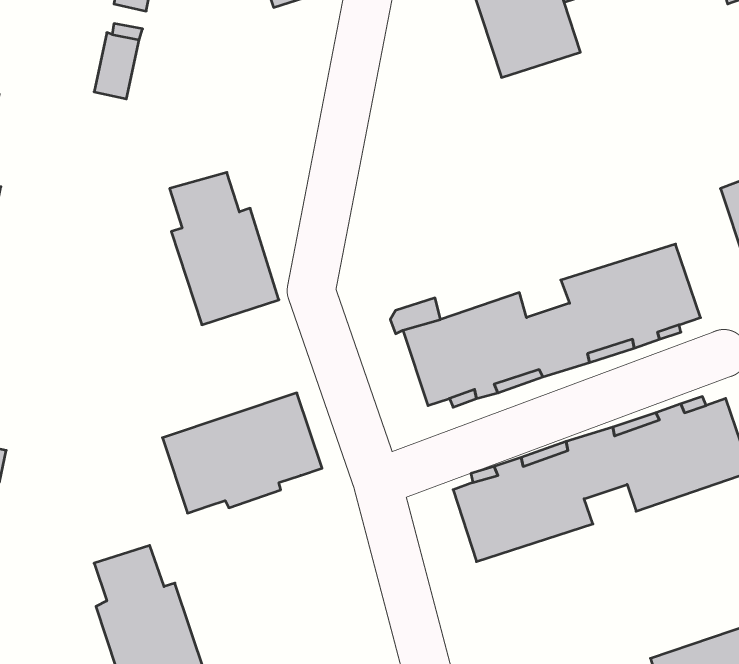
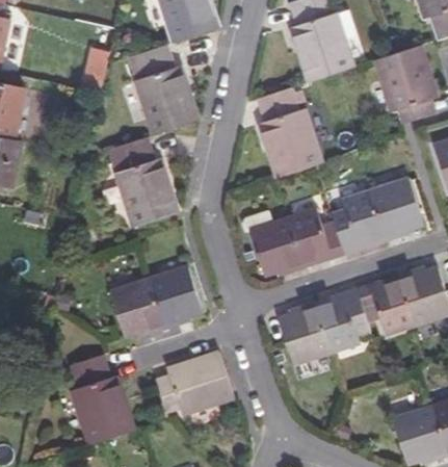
building: none -> [130,46,199,133]
building: none -> [376,46,438,123]
building: none -> [259,88,322,177]
building: none -> [157,352,235,414]

